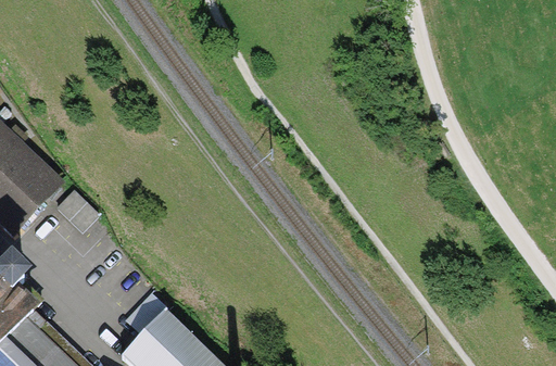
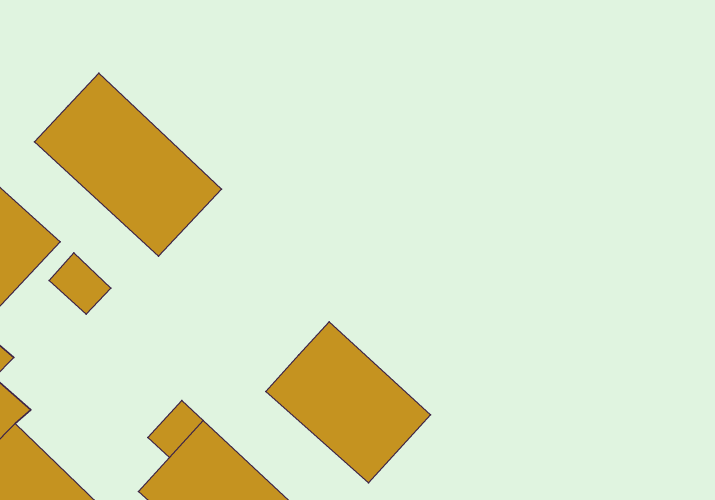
building: none -> [34,73,221,256]
building: none -> [266,322,431,483]

